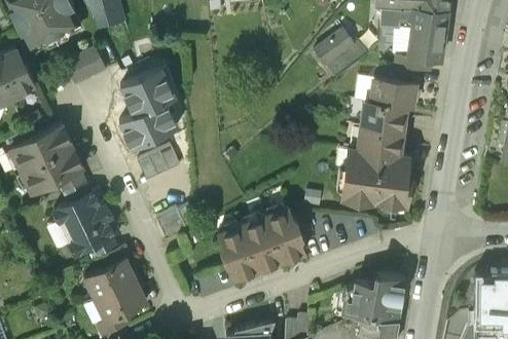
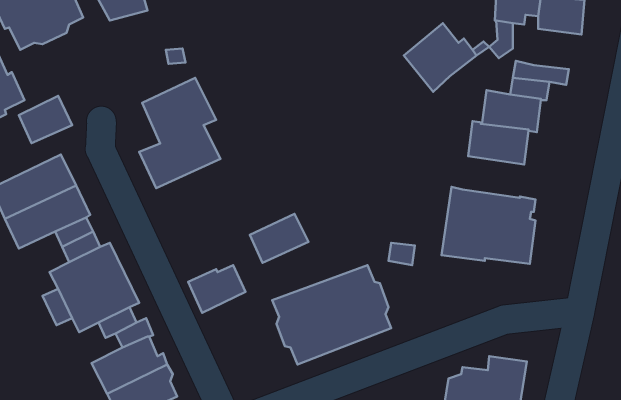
building: [409,32,444,63] -> none
building: [66,48,105,83] -> [19,96,72,143]
building: [357,125,402,156] -> none
building: [138,145,181,181] -> [250,214,309,263]

